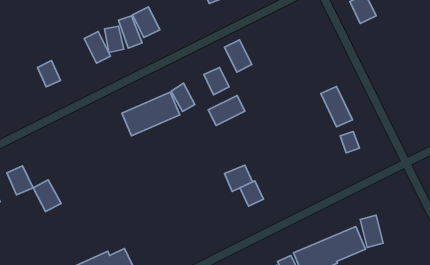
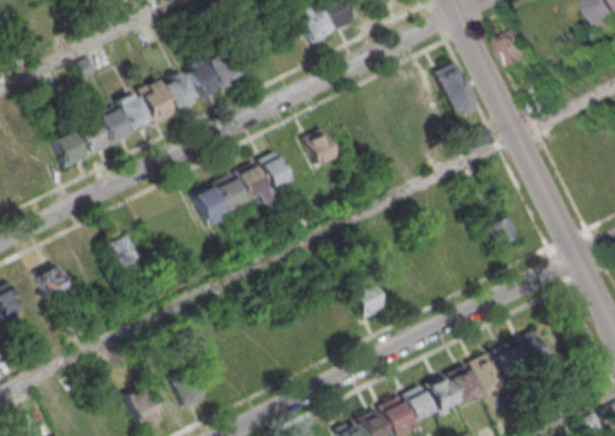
building: [224,40,252,72] -> none
building: none -> [97,92,151,143]
building: none -> [53,131,86,168]
building: [321,86,352,127] -> [436,60,479,115]
building: [208,95,245,125] -> none
building: [224,165,253,191] -> none
building: [33,180,61,212] -> [101,228,139,271]

